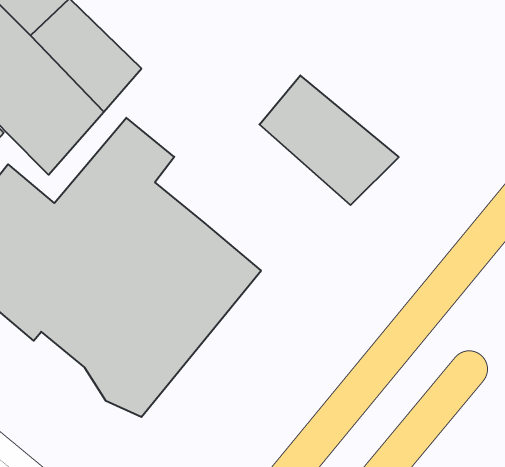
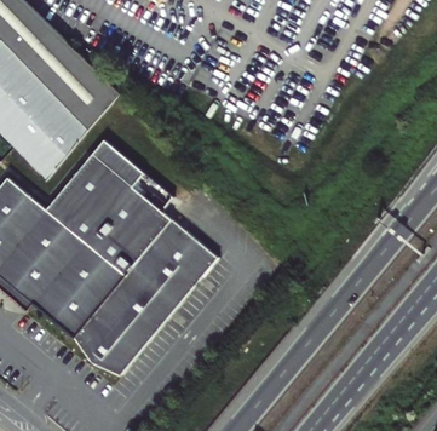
building: [259,75,399,205] -> none

